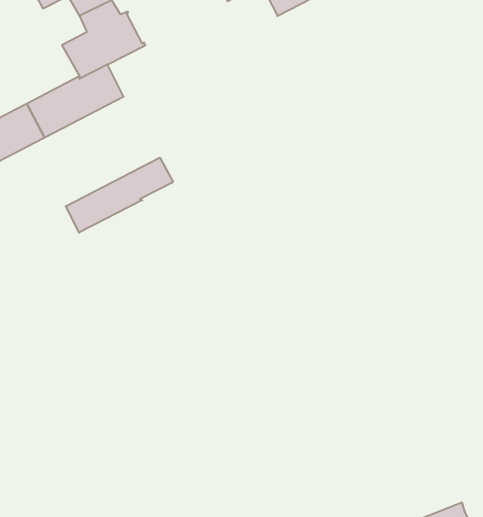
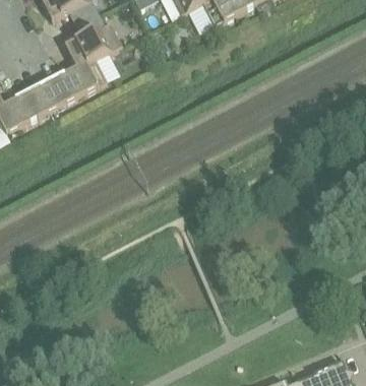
building: [66,158,173,233] -> none

